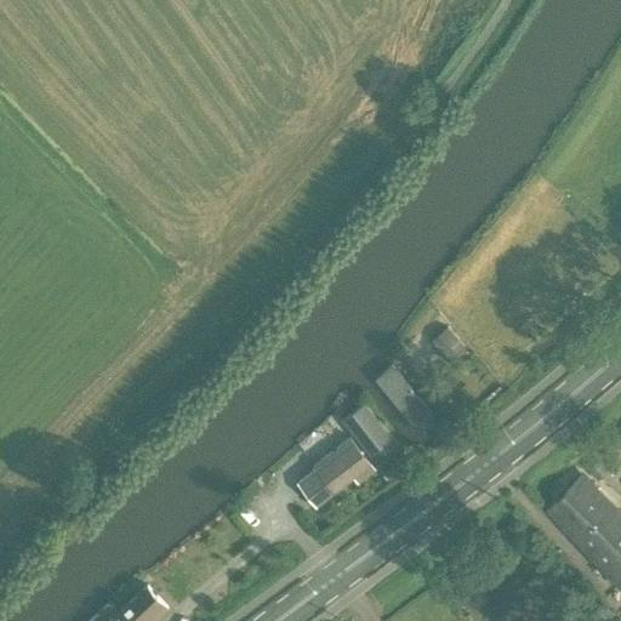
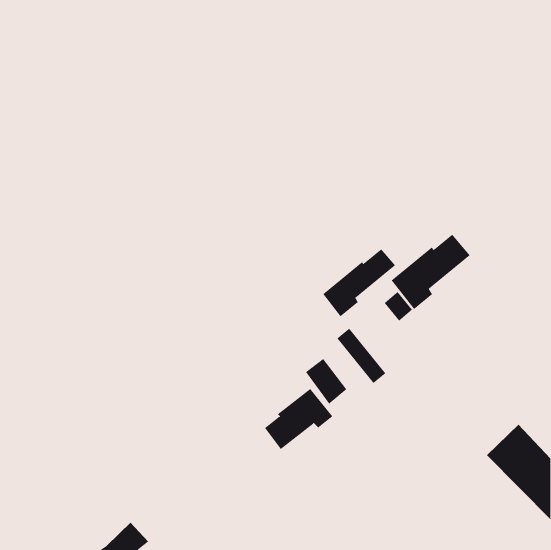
building: none -> [391,234,471,310]
building: none -> [322,249,396,317]

